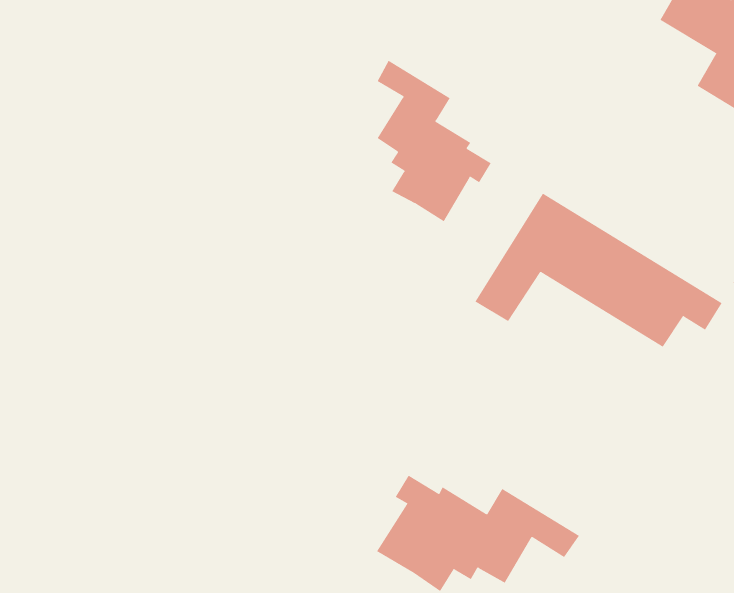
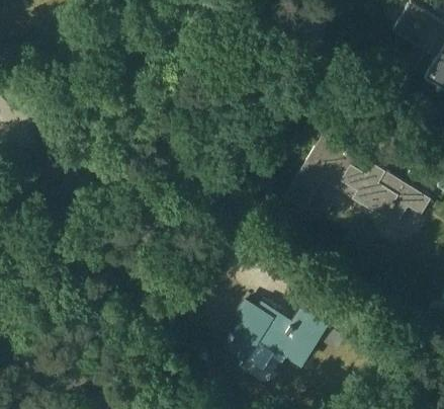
building: [377,60,492,222] -> none

